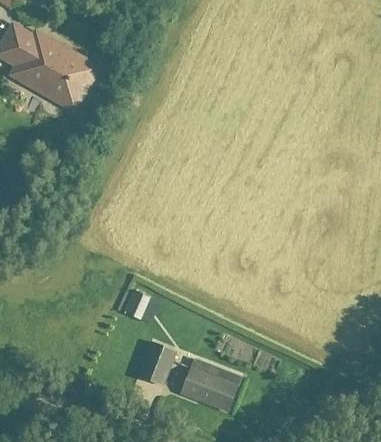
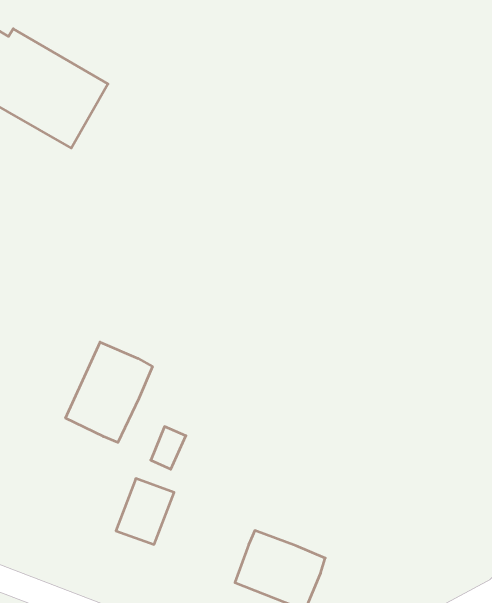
building: none -> [66,342,152,442]
building: [133,341,171,384] -> [116,479,174,544]

